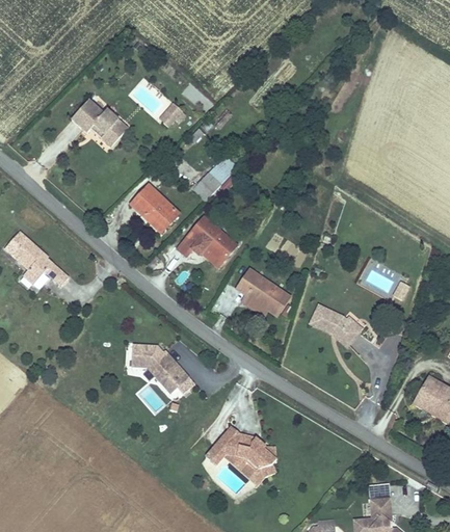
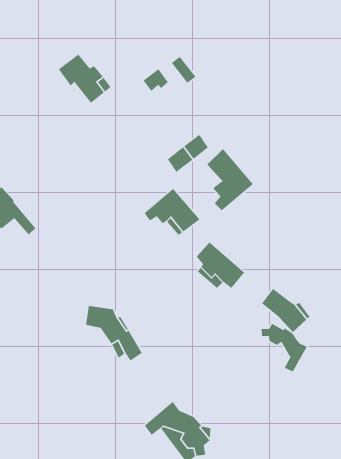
building: none -> [207,148,254,211]
building: [129,184,176,230] -> none
building: none -> [261,323,308,373]

